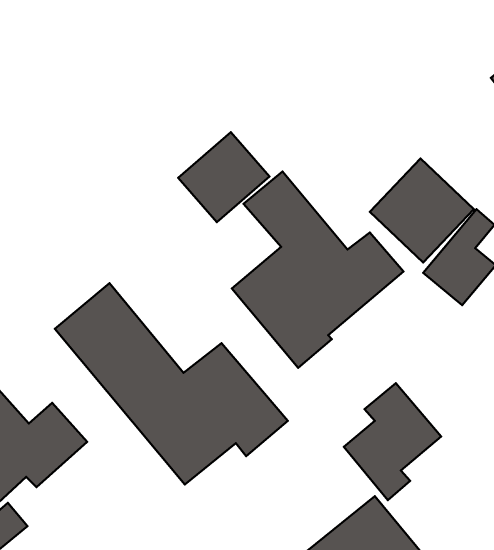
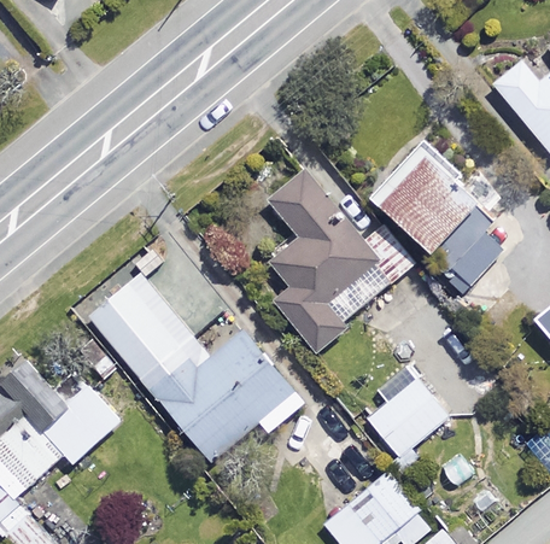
building: [178,132,269,222] -> none

